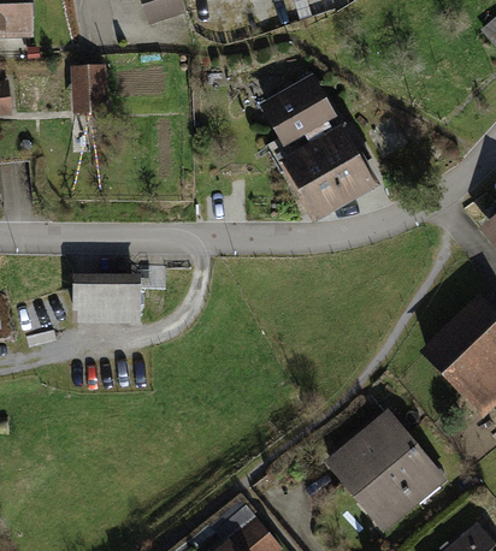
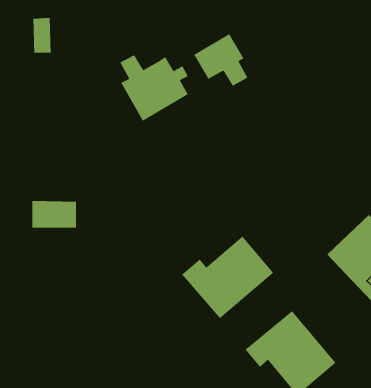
building: [288,134,371,214] -> [119,54,189,122]
building: none -> [181,235,274,319]

